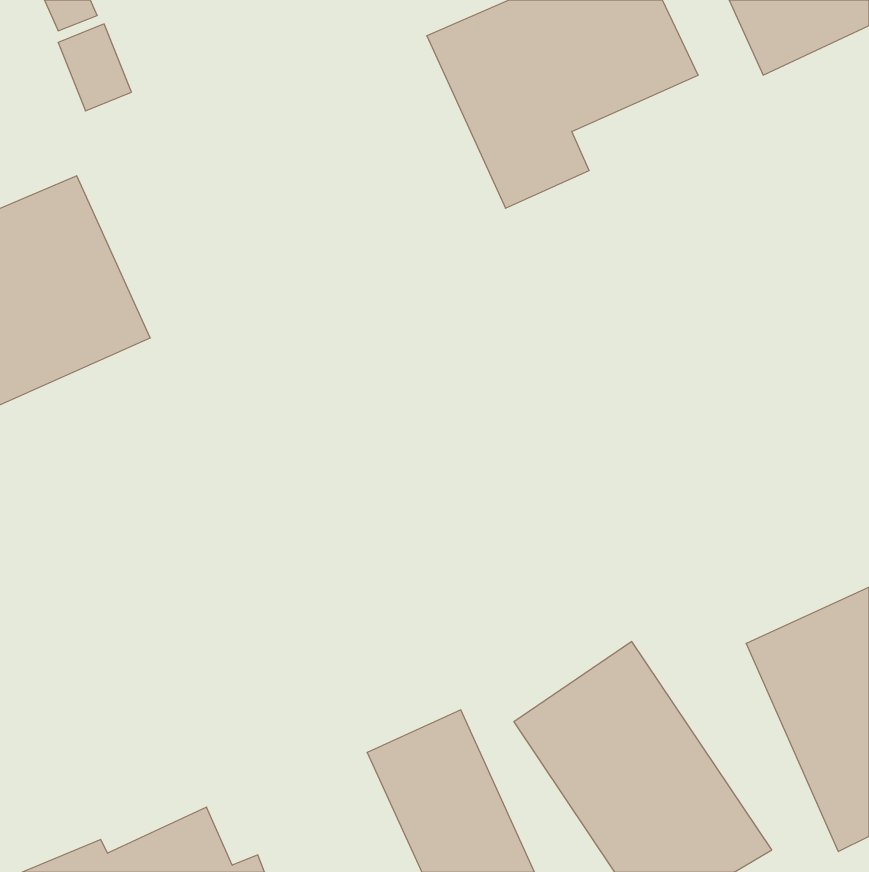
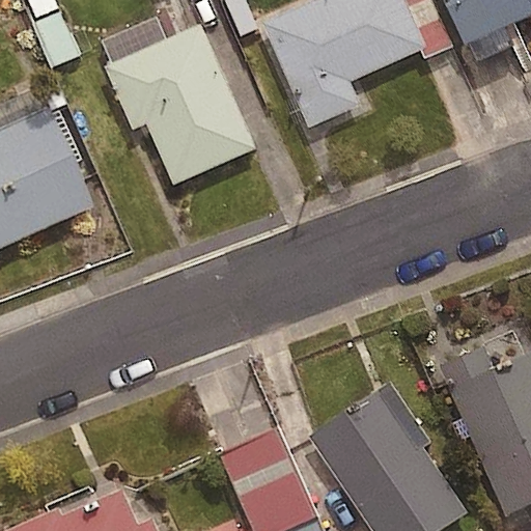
building: none -> [104,24,254,184]

